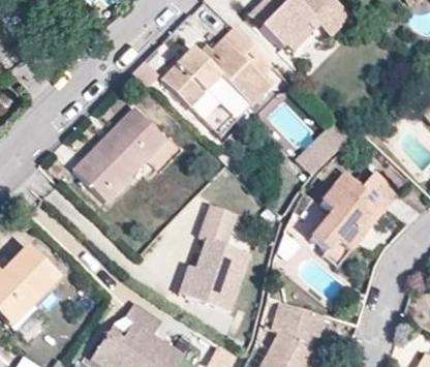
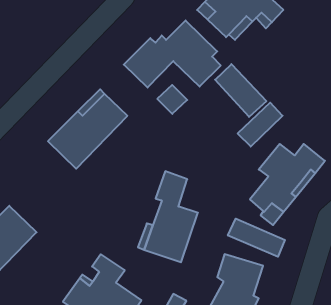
building: none -> [215,64,266,117]
building: none -> [228,219,285,257]

